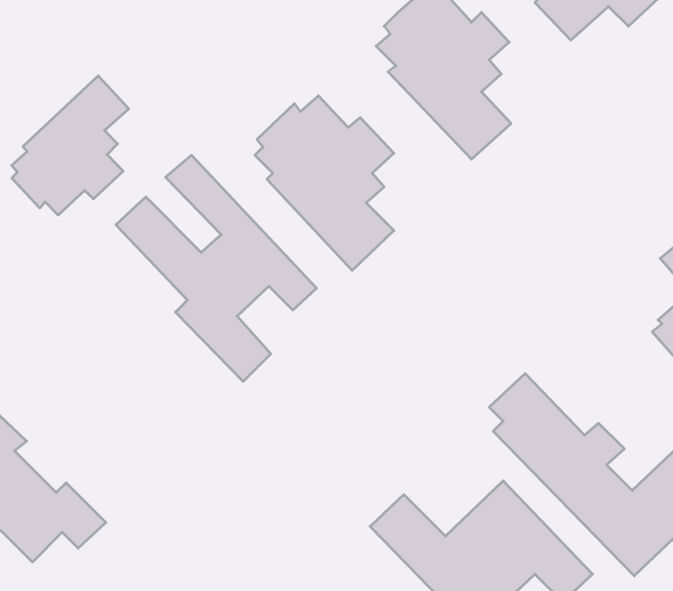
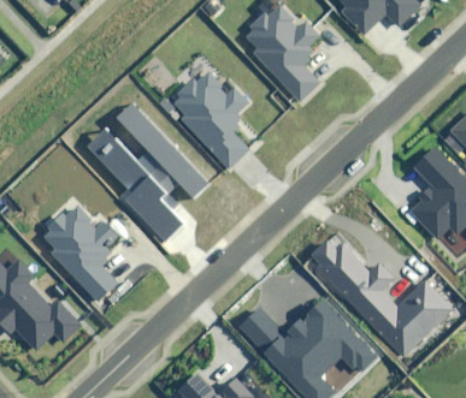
building: [12,76,129,215] -> none
building: none -> [42,208,122,299]

